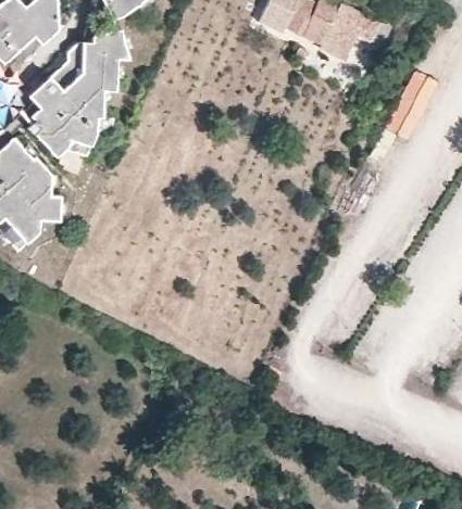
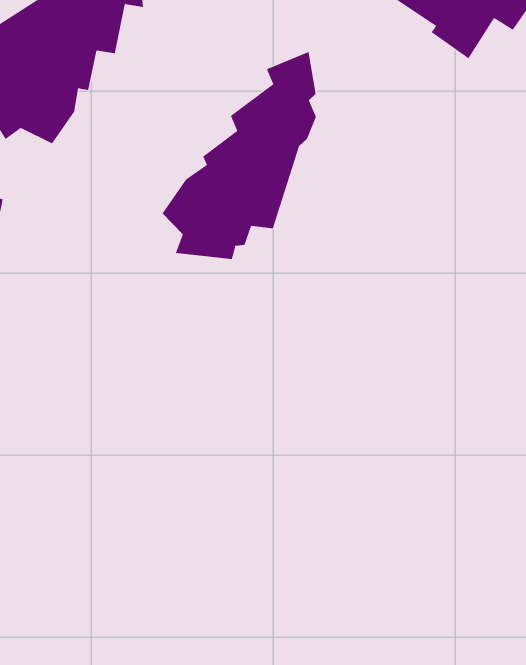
building: none -> [162,51,317,260]

